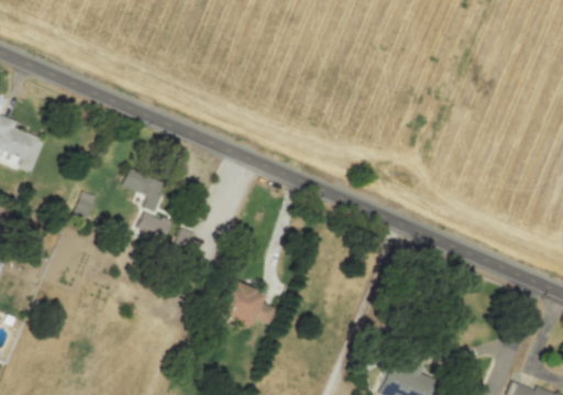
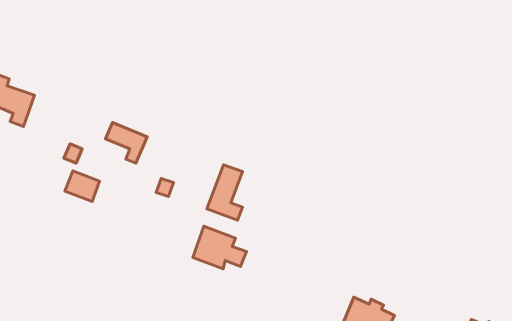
building: [134,212,172,245] -> [65,171,99,201]
building: none -> [207,165,243,220]

